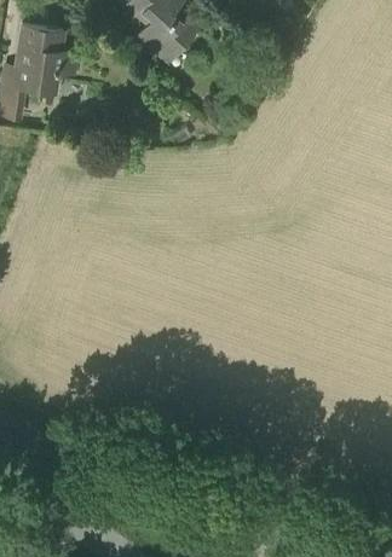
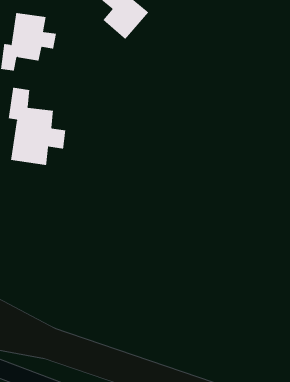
building: none -> [8,87,66,166]

